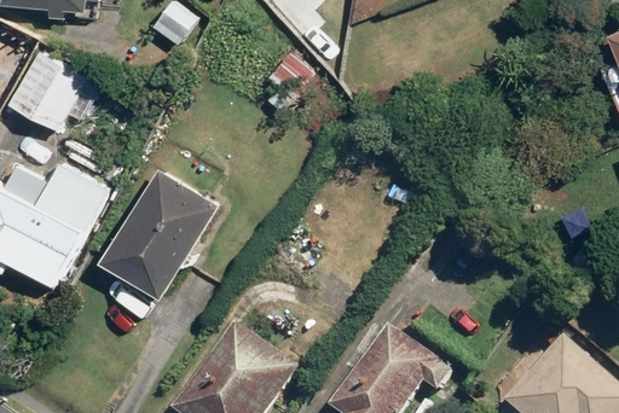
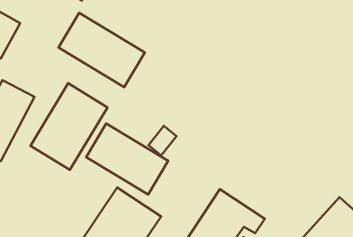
building: none -> [58,13,145,87]
building: none -> [86,123,168,195]

